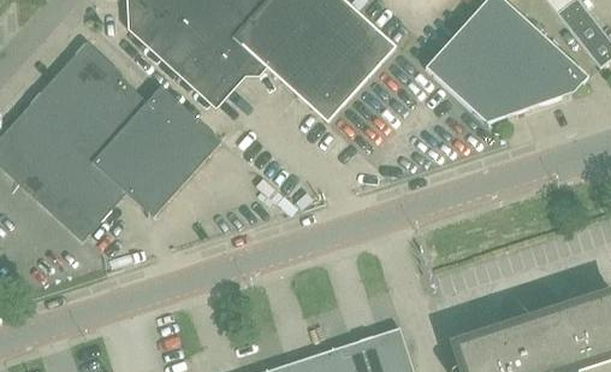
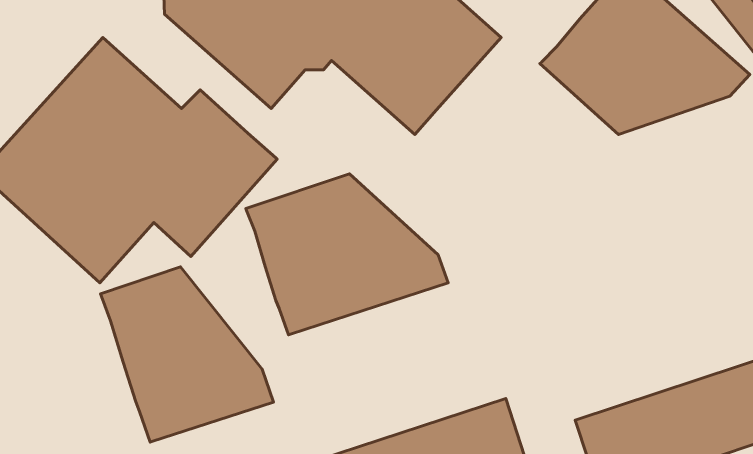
building: none -> [246,174,448,335]
building: none -> [101,267,274,442]

